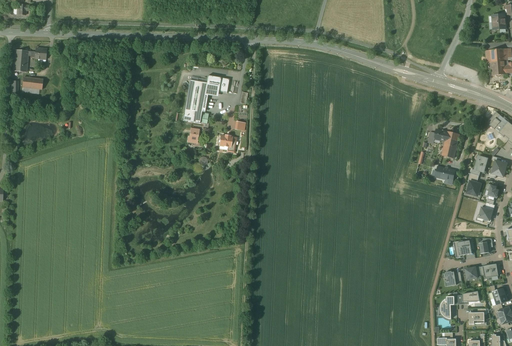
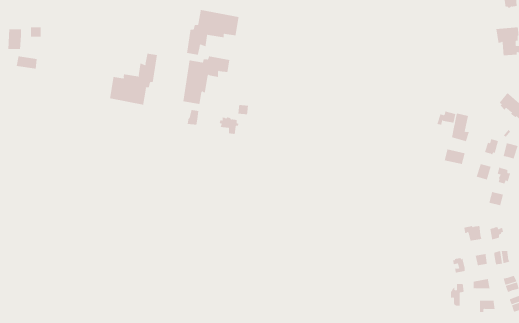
building: none -> [186,9,239,56]
building: none -> [109,53,158,105]

